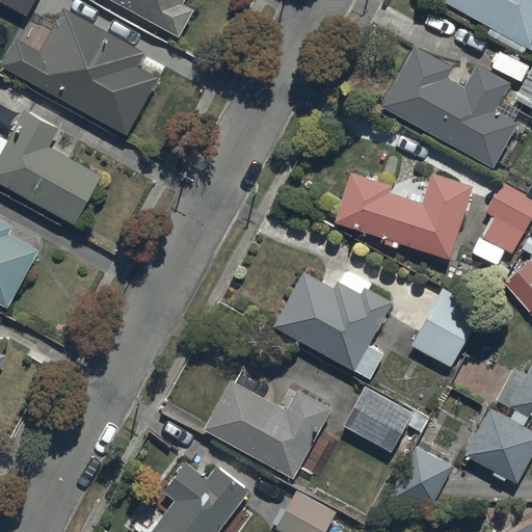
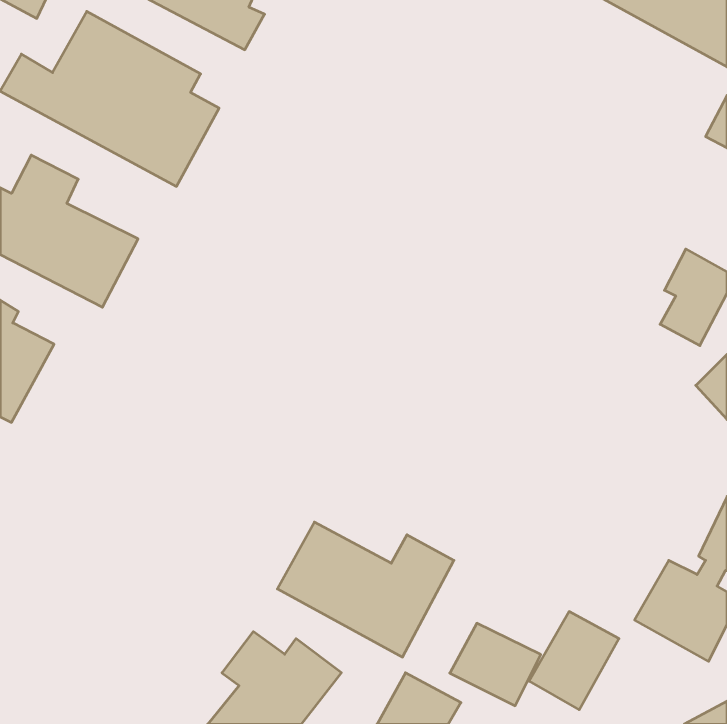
building: [381,47,516,167] -> none
building: [335,174,473,260] -> none
building: [273,268,393,379] -> none
building: [413,287,481,366] -> none
building: [344,390,410,450] -> [450,623,541,706]

